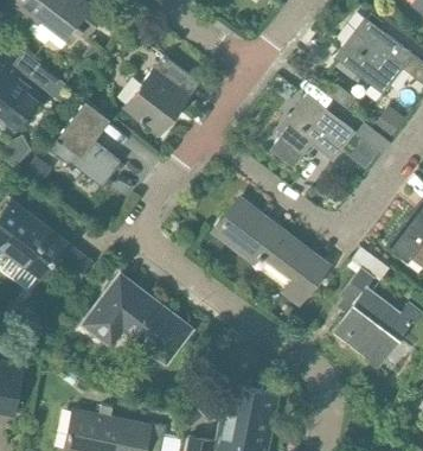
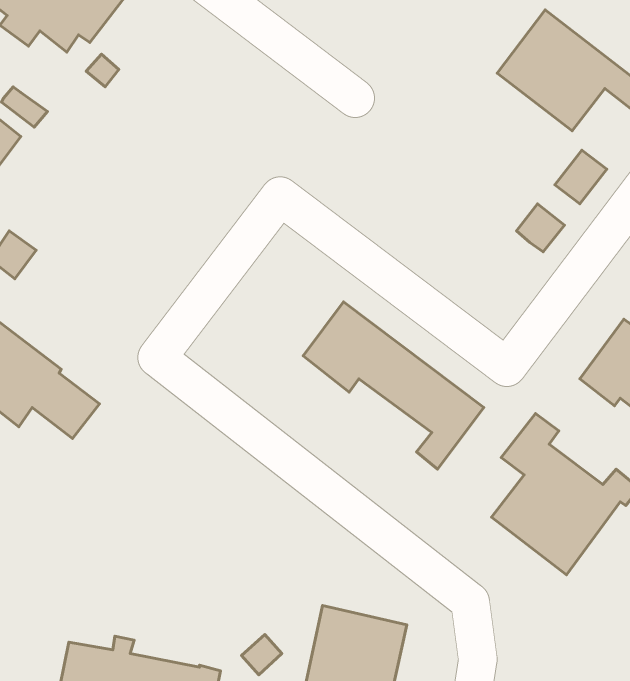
building: [123,57,199,136] -> none
building: [278,99,353,160] -> none
building: [47,100,121,188] -> none
building: [85,277,192,362] -> none

